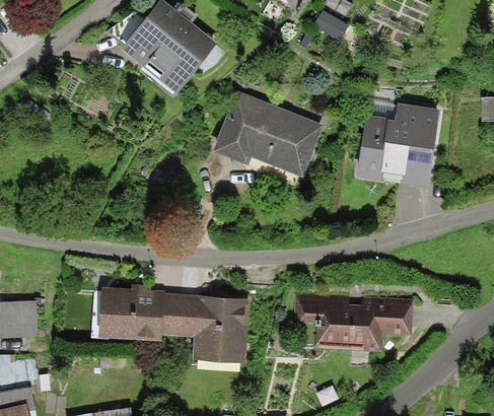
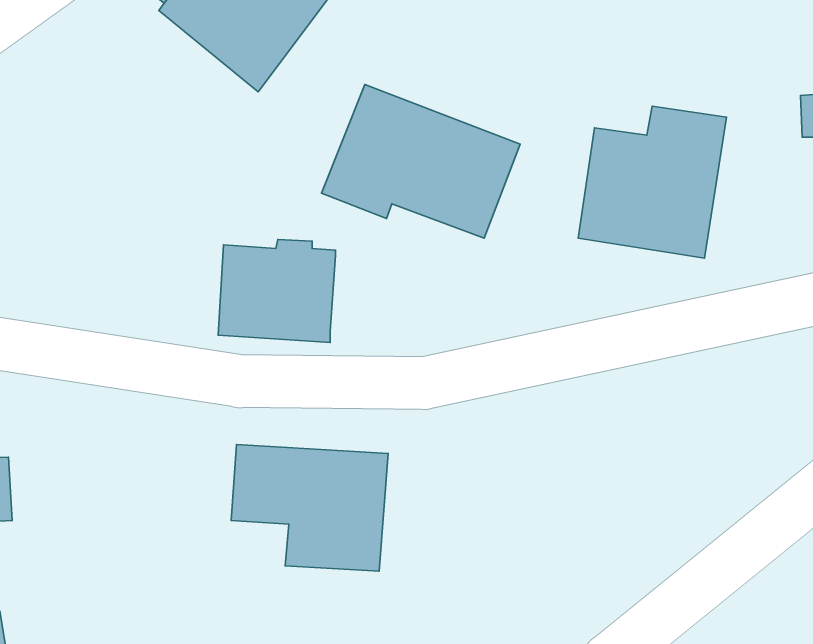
building: [98,284,164,342] -> [218,239,336,342]
building: [293,292,413,351] -> none

